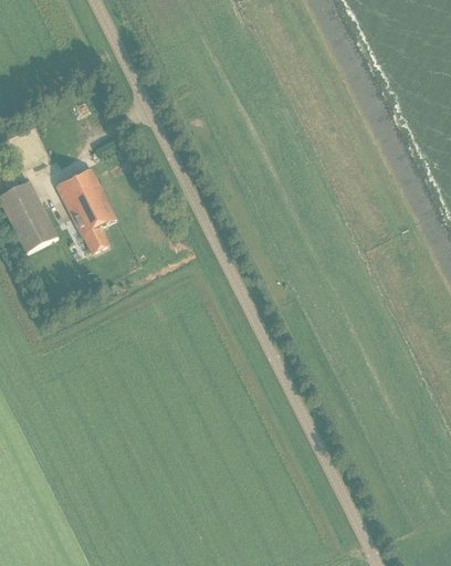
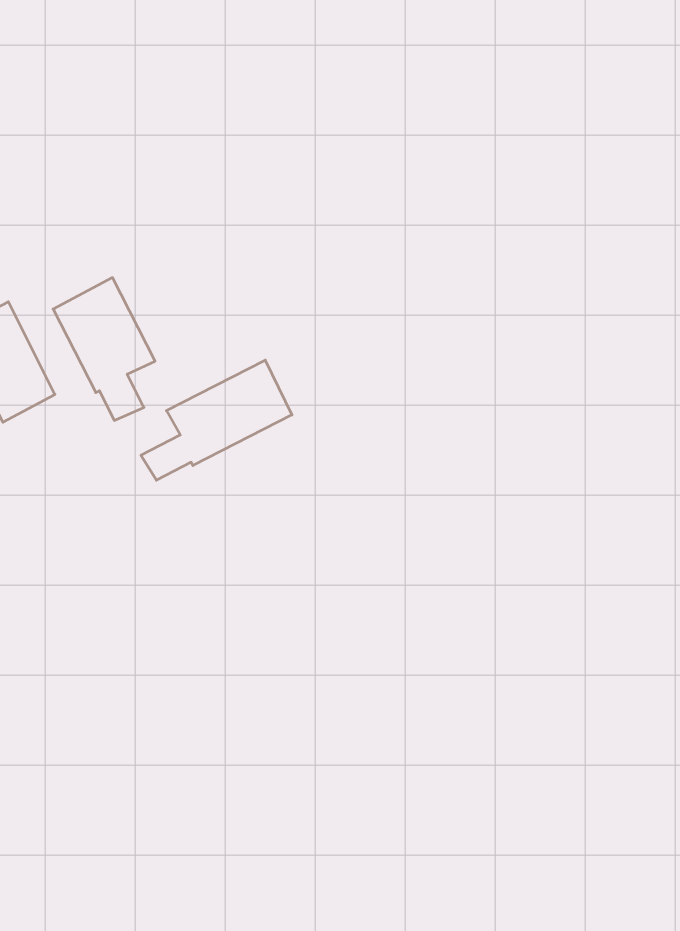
building: none -> [141,360,292,480]

